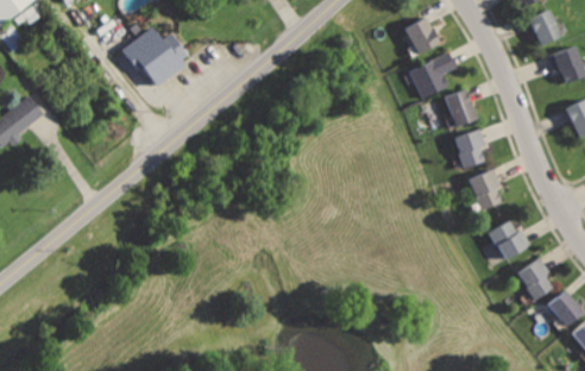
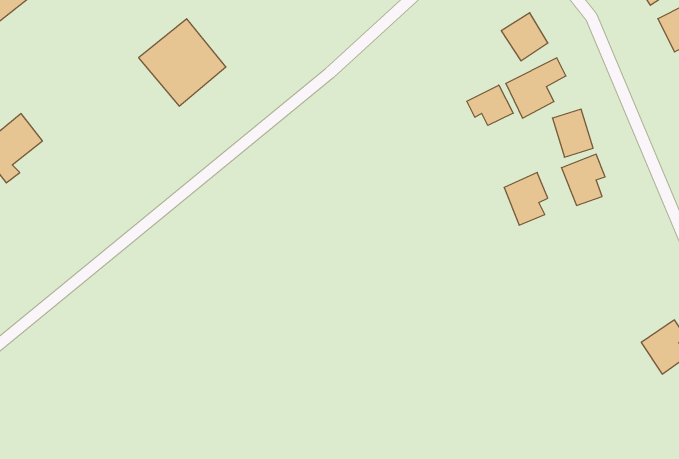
building: none -> [467,85,513,125]
building: [468,168,503,209] -> [504,172,548,225]
building: [488,221,534,263] -> none

